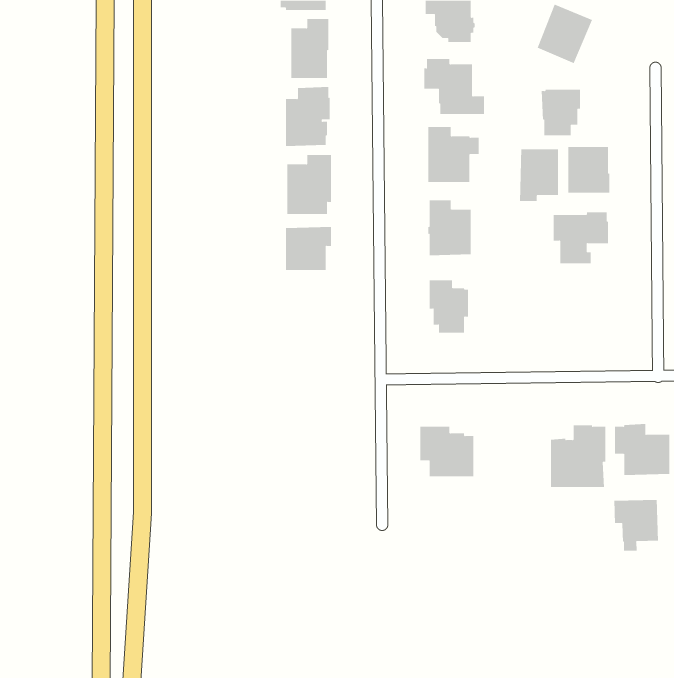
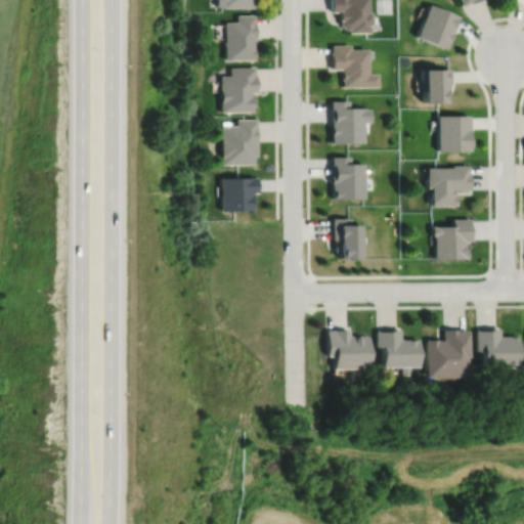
building: [520,148,558,202] -> none
building: none -> [435,218,474,258]
building: none -> [377,329,420,366]
building: [614,499,658,551] -> none

